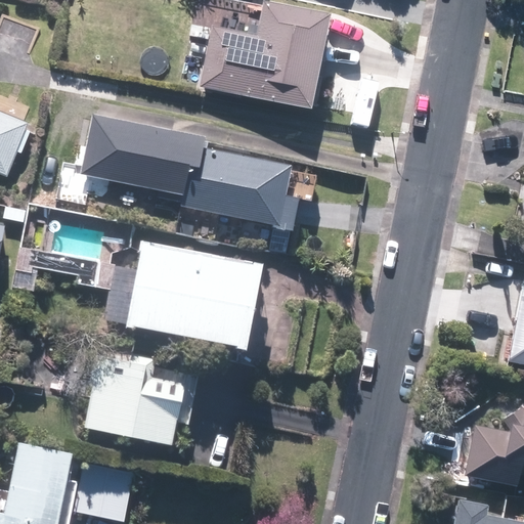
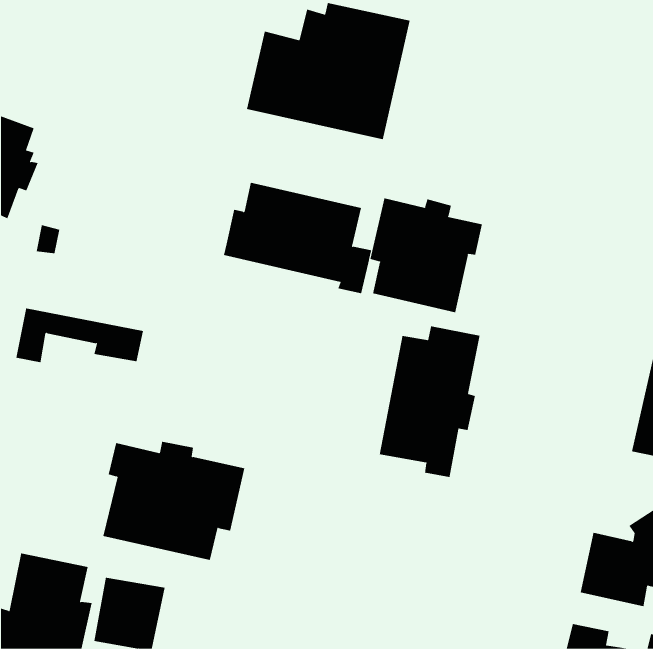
building: [81,114,203,194] -> none
building: none -> [370,198,483,313]
building: [125,244,261,356] -> none
building: none -> [379,326,480,478]

